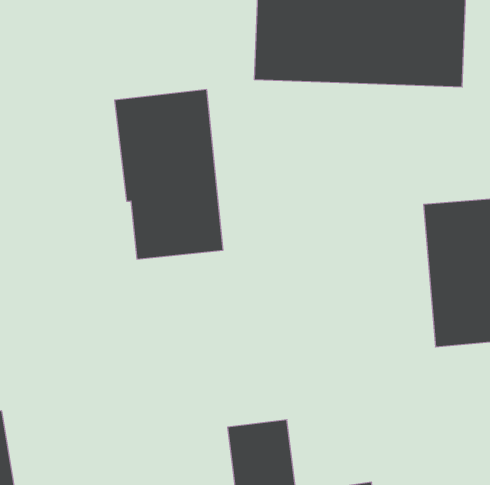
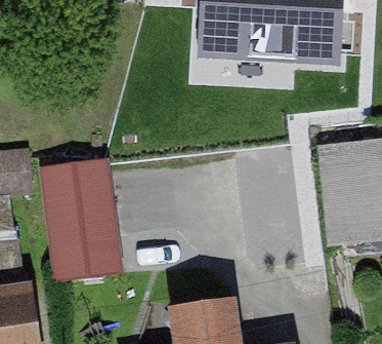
building: [115,90,223,259] -> [43,164,118,281]

